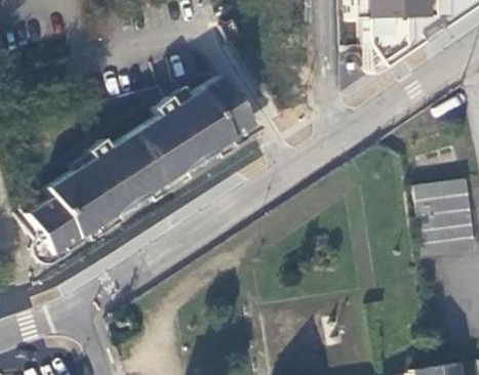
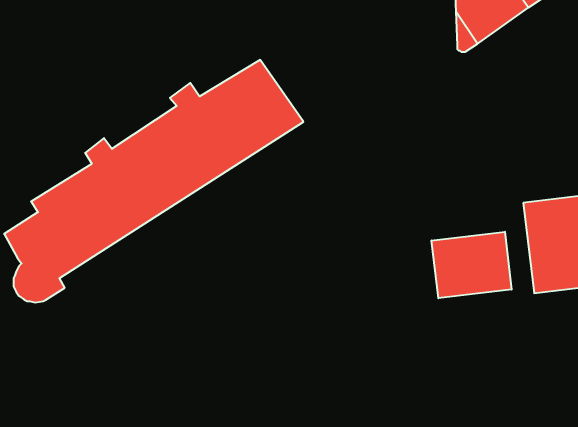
building: none -> [432,232,512,298]

